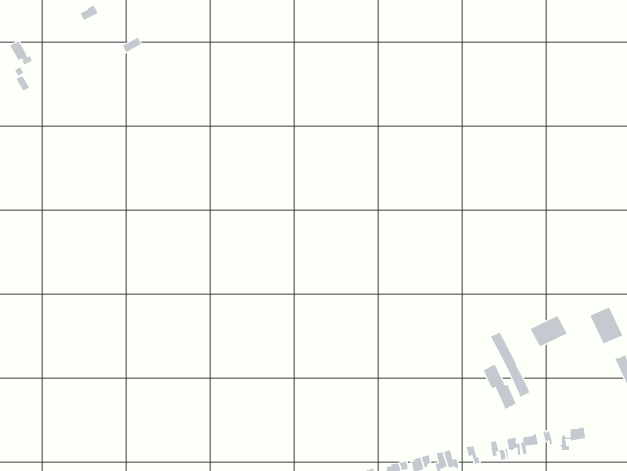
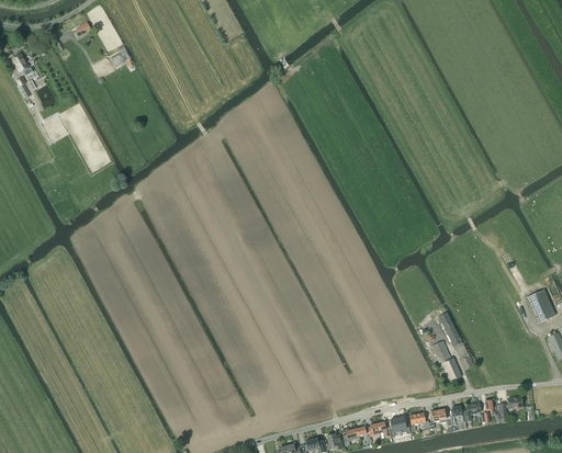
building: [530,315,567,347] -> none

